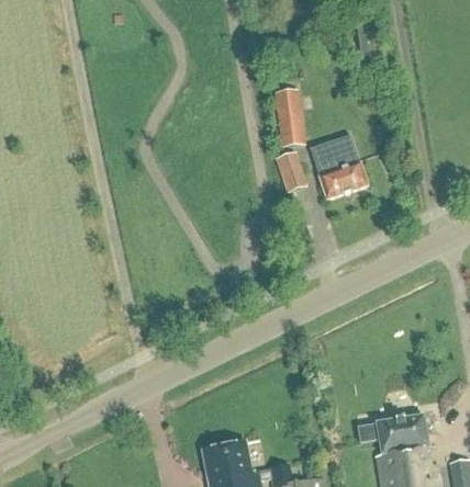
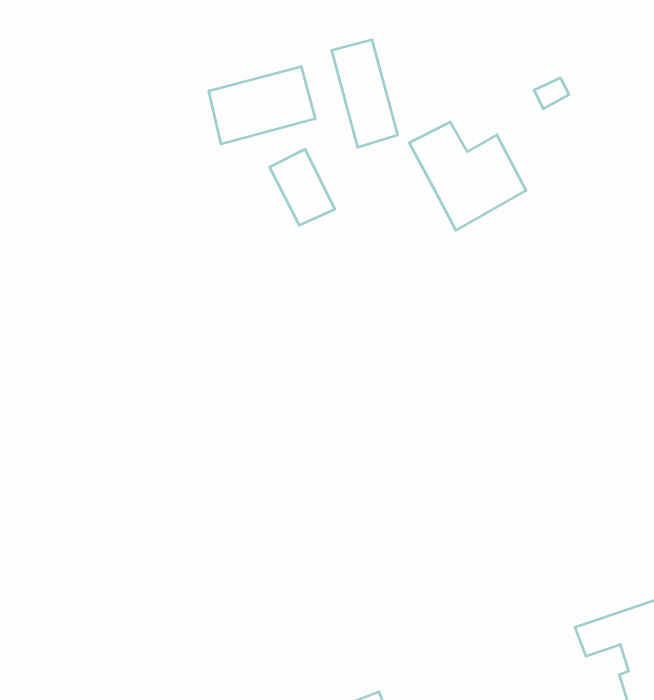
building: none -> [209,66,315,144]
building: [277,151,309,192] -> [270,149,335,225]

